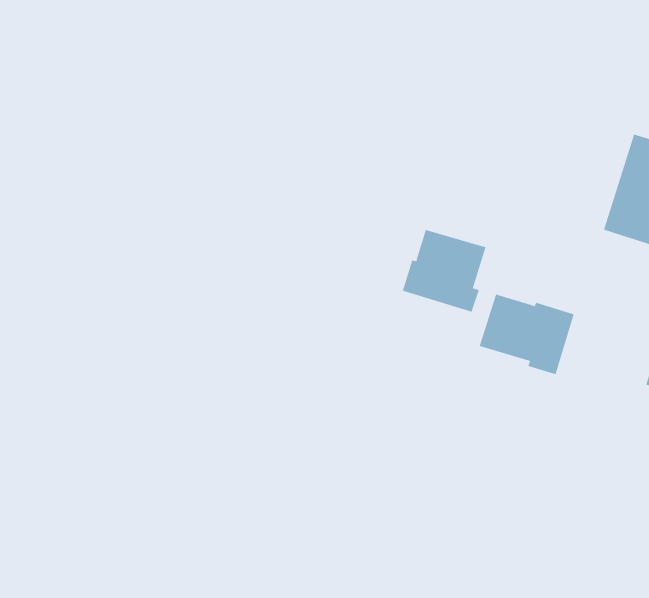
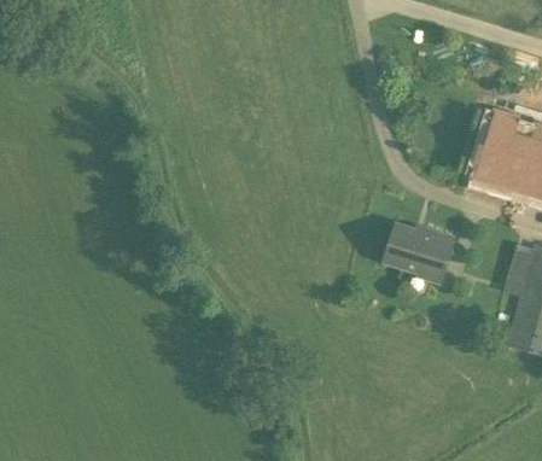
building: [402,229,486,313] -> none

